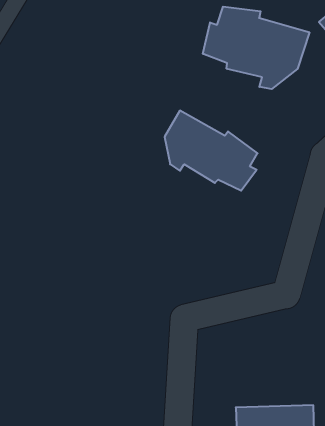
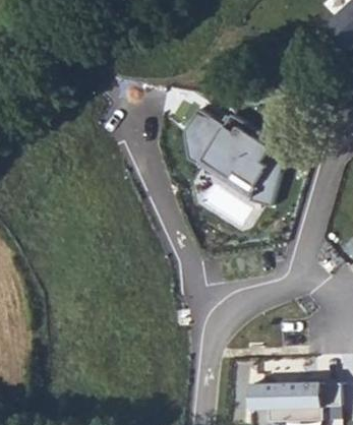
building: [203,7,309,89] -> none

